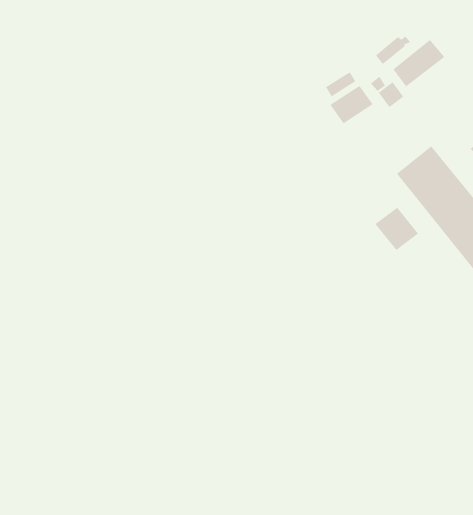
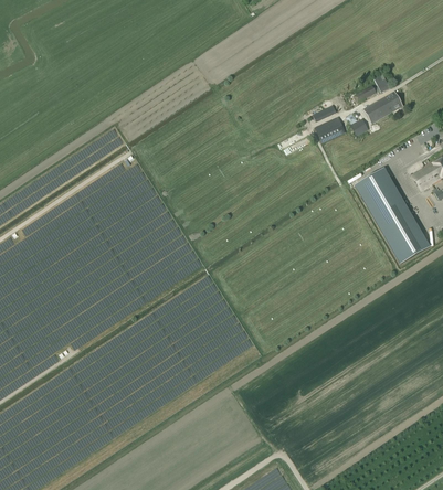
building: [375,207,419,251] -> none

